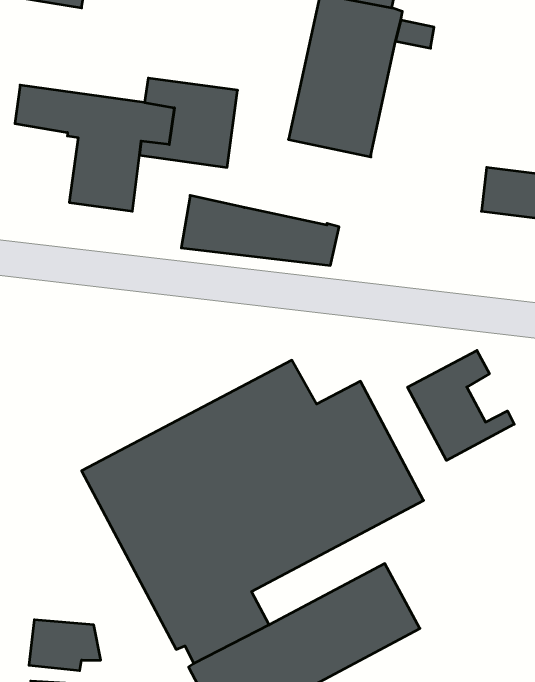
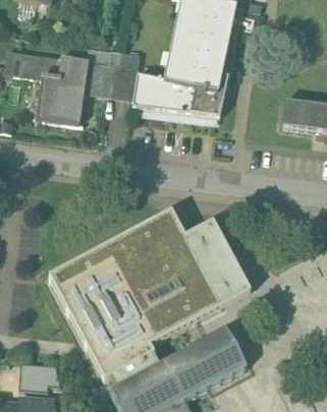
building: [181,195,339,265] -> [132,75,224,116]
building: [408,350,514,460] -> none

